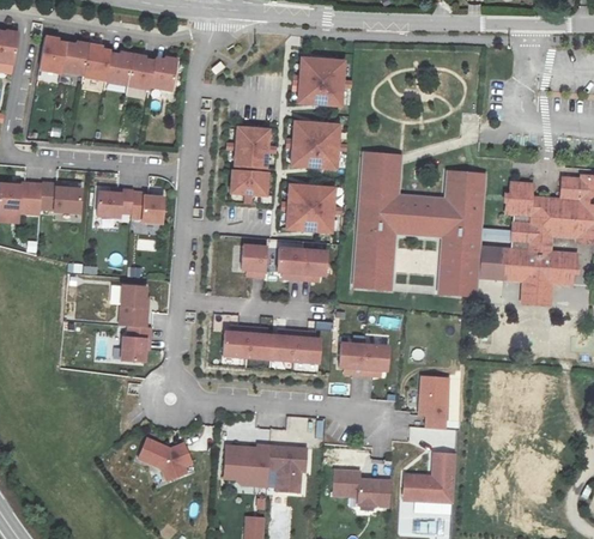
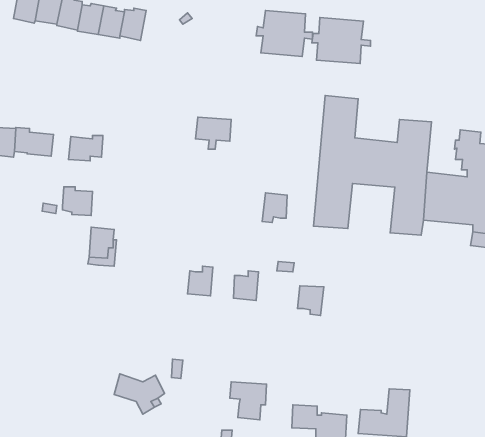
building: [287,122,348,170] -> [312,18,370,63]
building: [228,127,278,169] -> none
building: [281,186,344,234] -> none
building: [133,192,164,222] -> [63,187,92,216]
building: [243,244,268,277] -> none
building: [278,248,304,279] -> none
building: [121,325,151,361] -> none
building: [247,327,272,359] -> none
building: [295,332,320,363] -> none
building: [362,347,389,378] -> none
building: [418,377,448,430] -> none
building: [223,446,268,485] -> none

